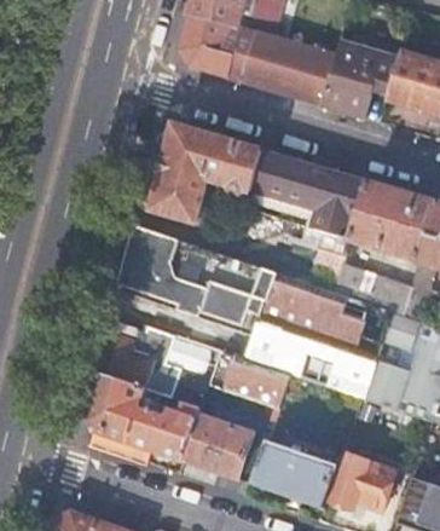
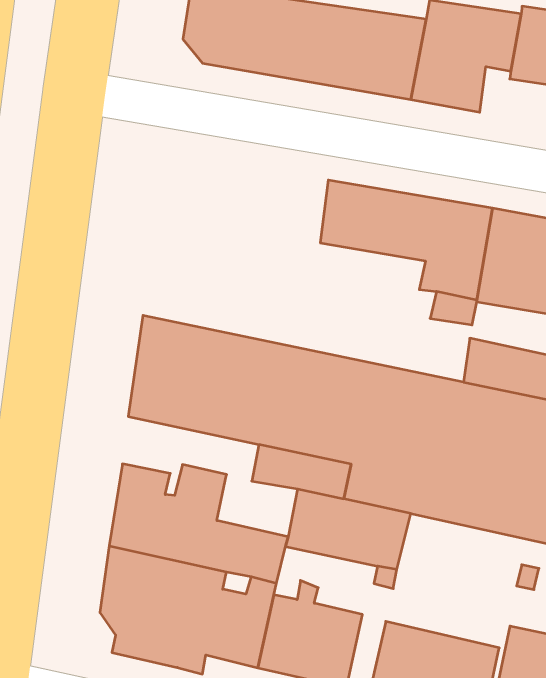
building: [152,126,261,224] -> none

